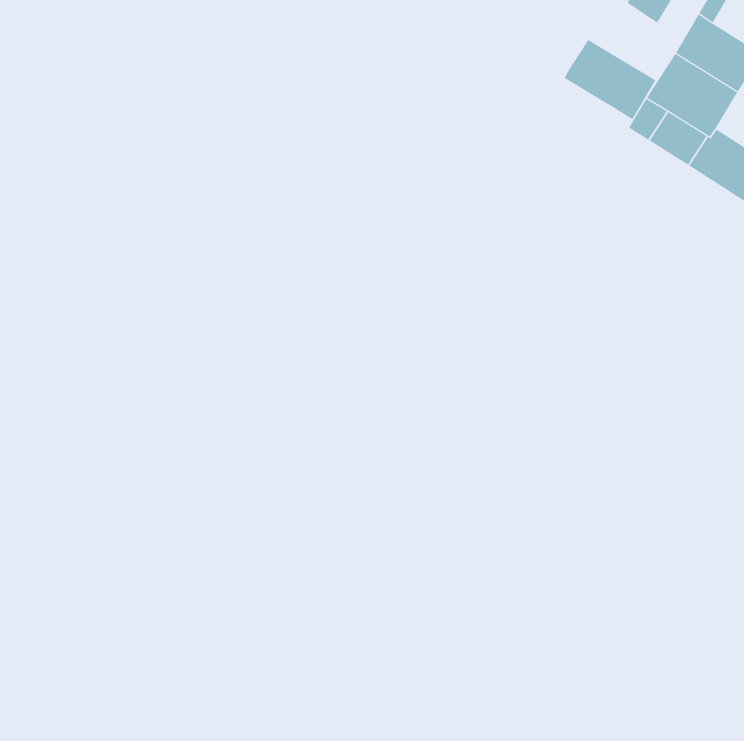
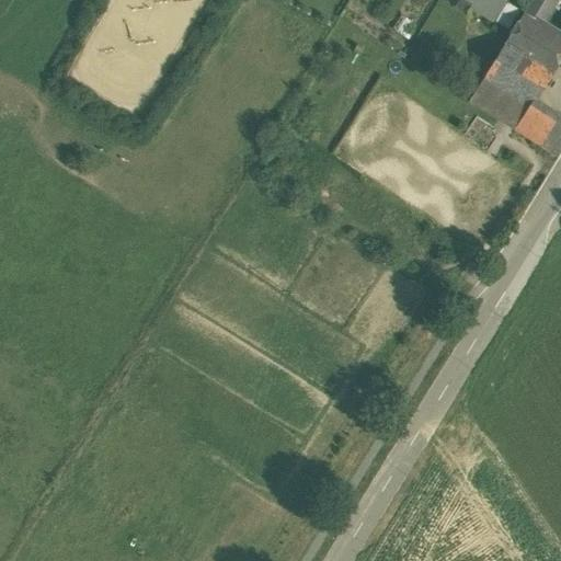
building: [564,39,656,120] -> none

